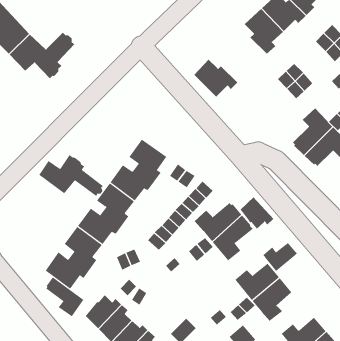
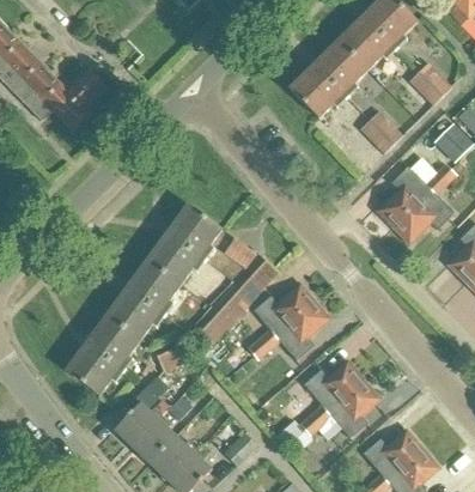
building: [193,59,238,98] -> [290,68,346,117]
building: [39,154,104,197] -> none
building: [240,196,274,229] -> none
building: [263,242,298,272] -> none
building: [45,277,84,317] -> none

